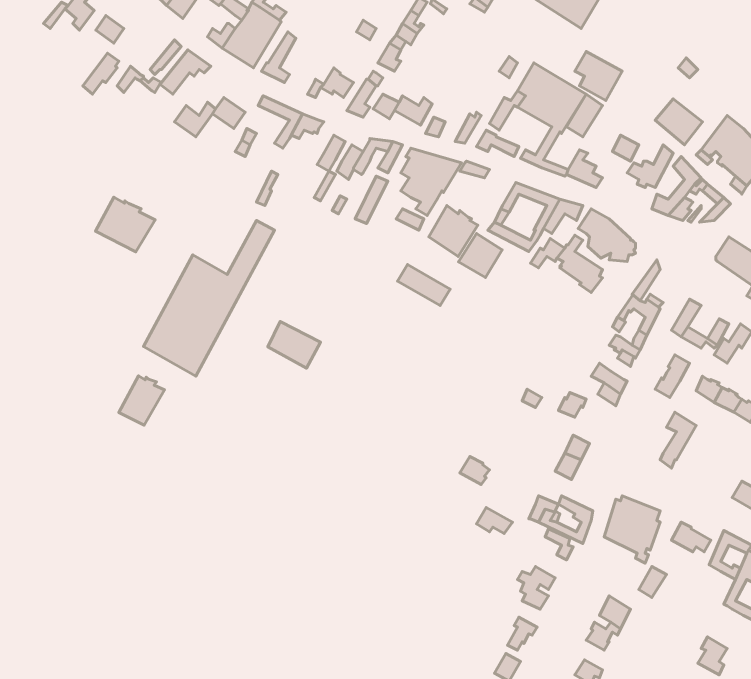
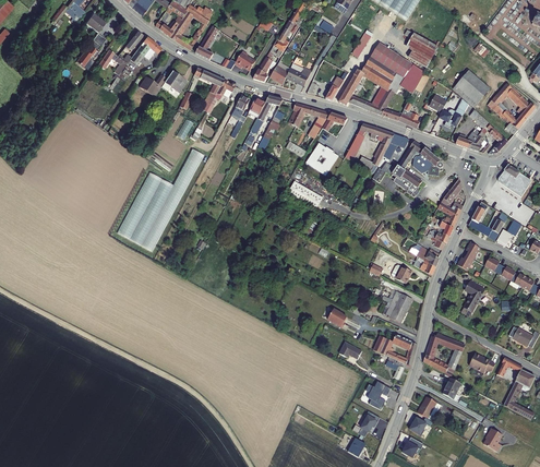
building: [95,197,155,252] -> none
building: [458,233,502,277] -> none
building: [268,322,321,368] -> none
building: [119,376,165,425] -> none

